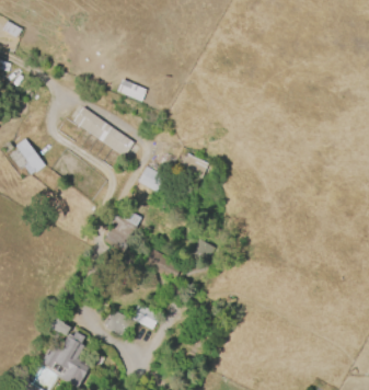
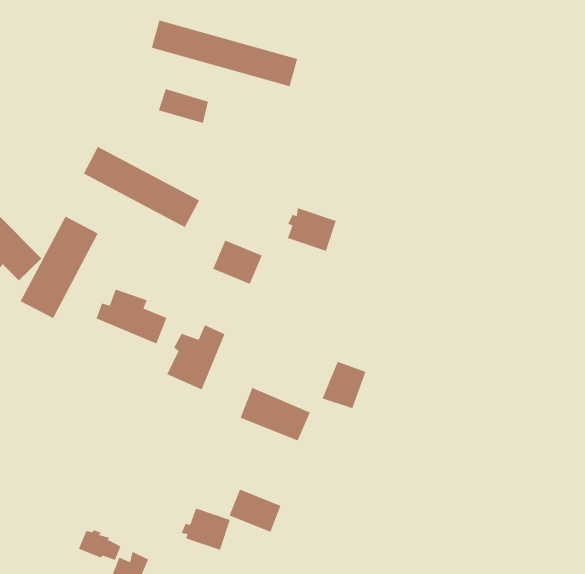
building: none -> [151,20,298,87]
building: none -> [20,215,99,319]
building: none -> [95,288,168,344]

